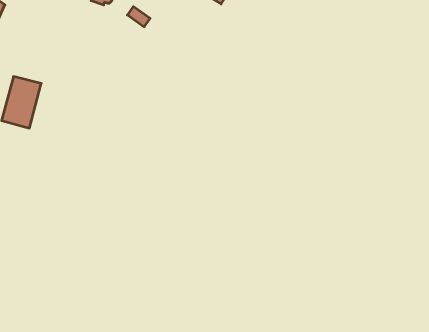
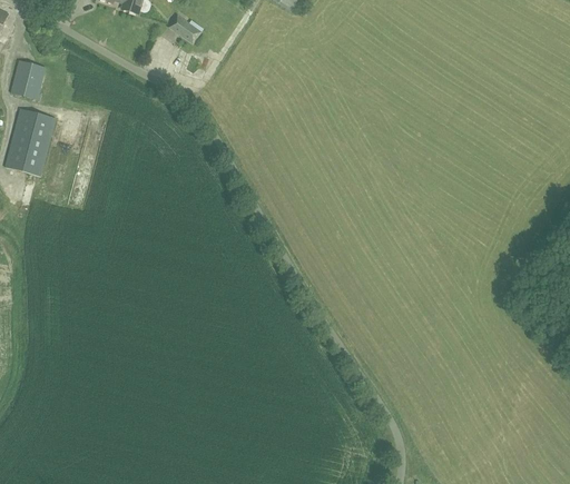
building: none -> [10,58,45,98]

